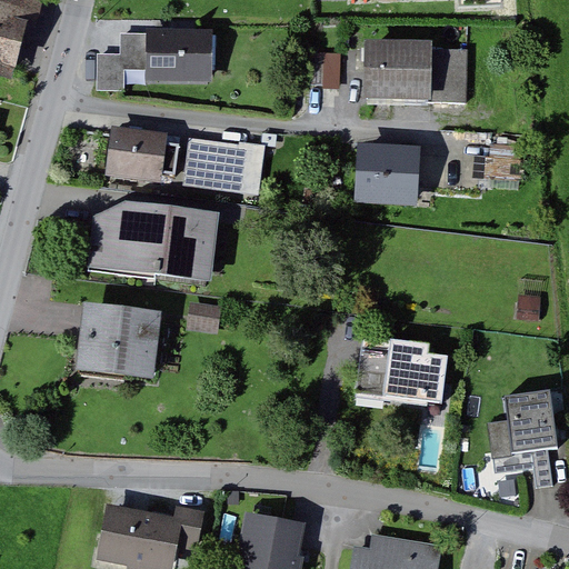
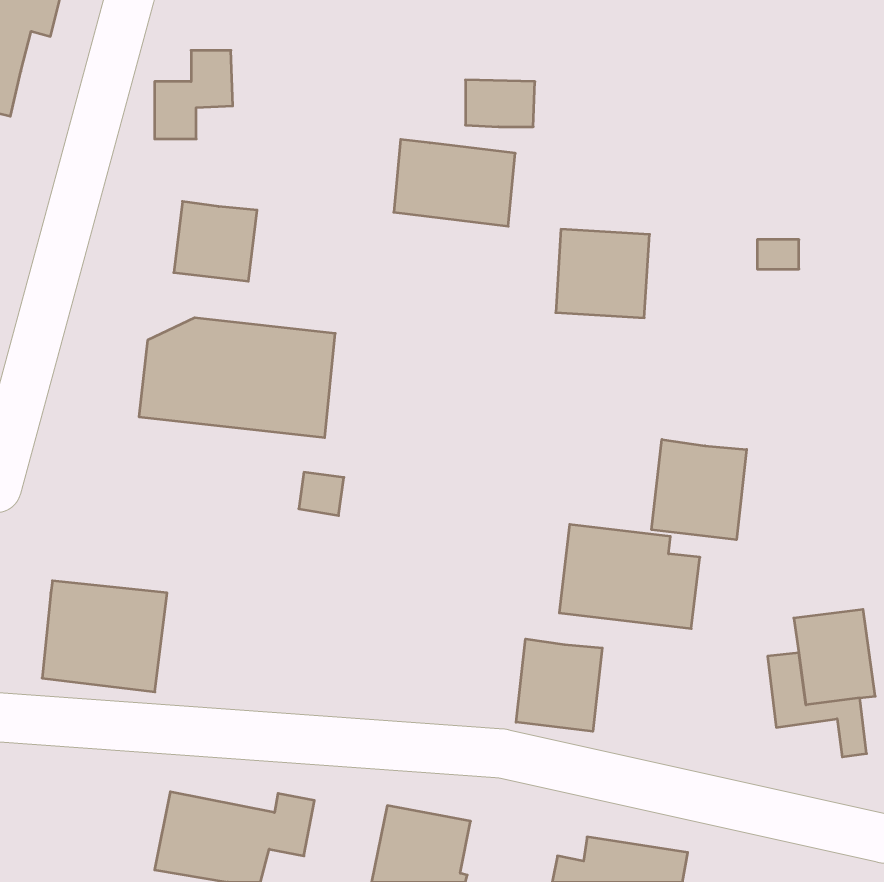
building: [148,32,210,78] -> none
building: [369,47,469,100] -> none
building: [186,137,263,192] -> [394,139,515,226]
building: none -> [652,439,747,540]
building: [78,307,158,378] -> [42,581,167,692]
building: none -> [516,639,602,731]

